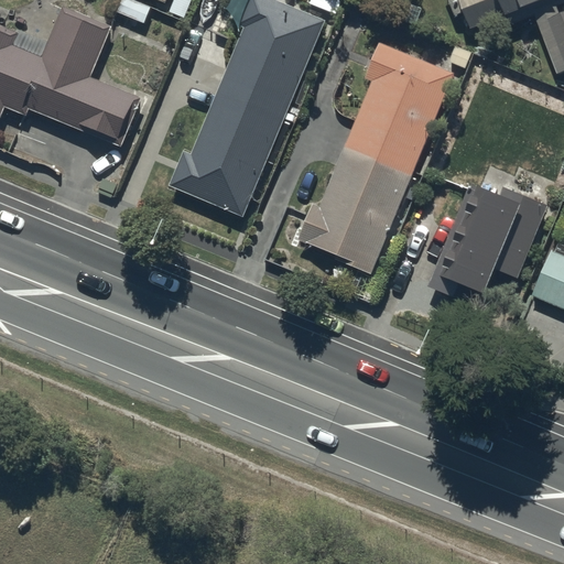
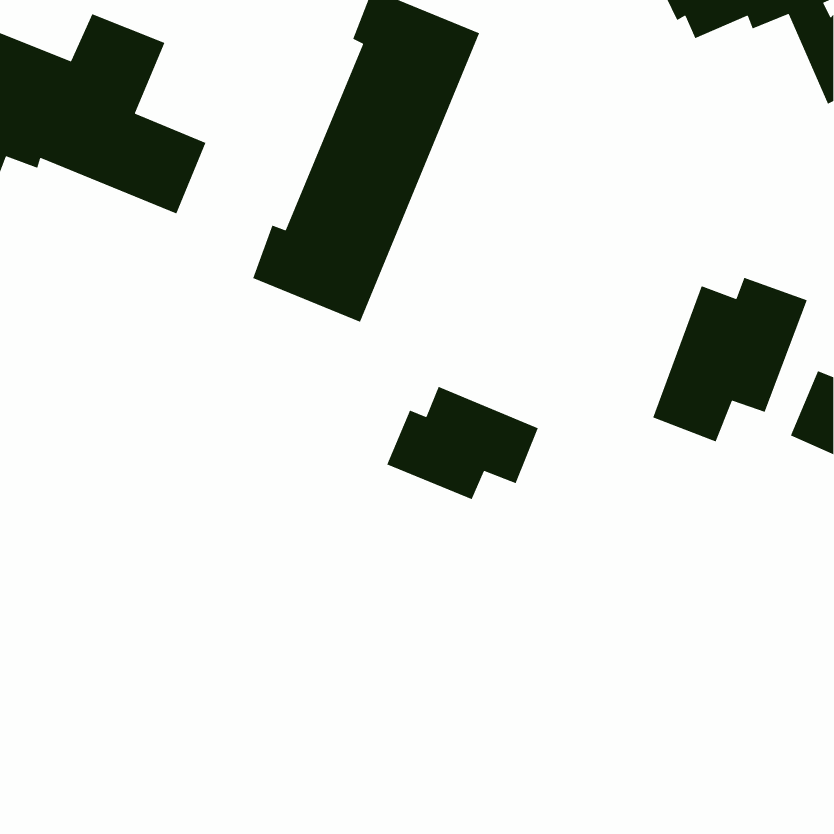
building: [299,40,453,273] -> none
building: none -> [386,386,539,500]

